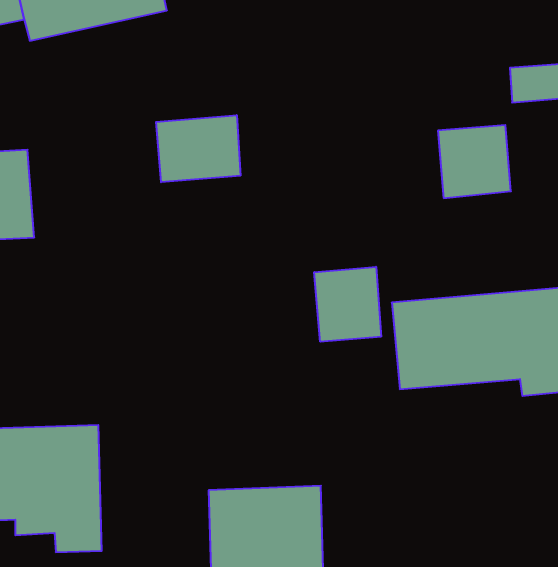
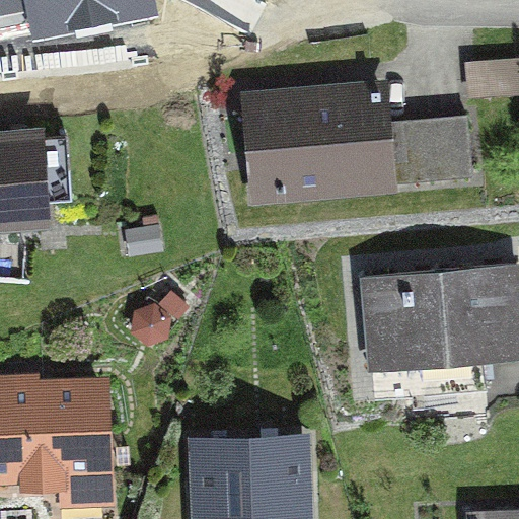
building: none -> [245,91,386,197]
building: [156,115,240,182] -> none
building: [314,267,381,342] -> none

